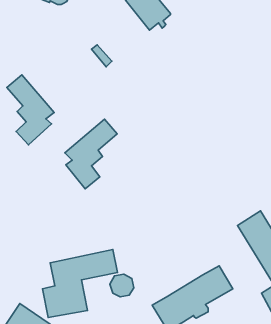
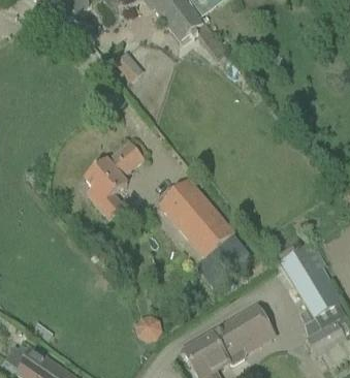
building: [7,75,54,145] -> none
building: none -> [159,178,251,279]
building: [43,250,118,318] -> none

